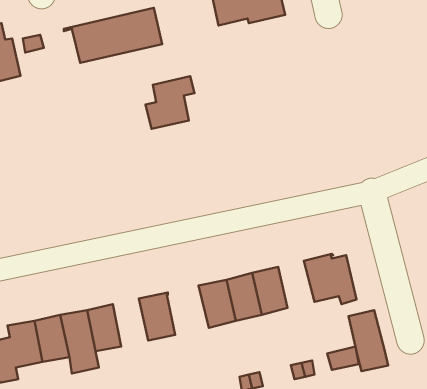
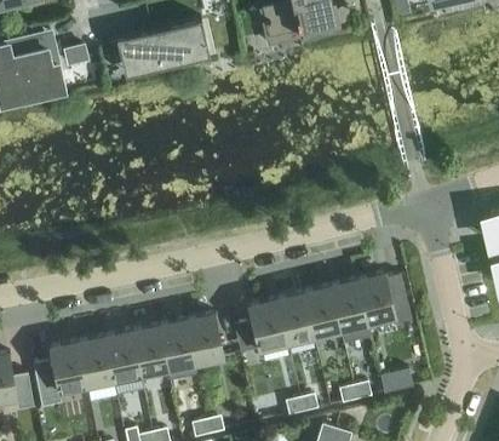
building: [145,76,194,129] -> none
building: none -> [159,319,195,368]
building: [348,310,388,371] -> [329,280,371,343]

